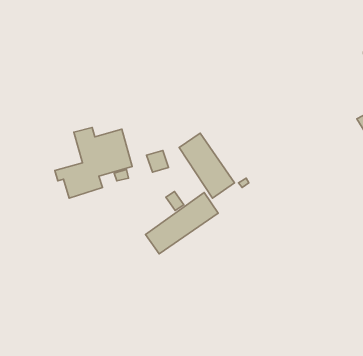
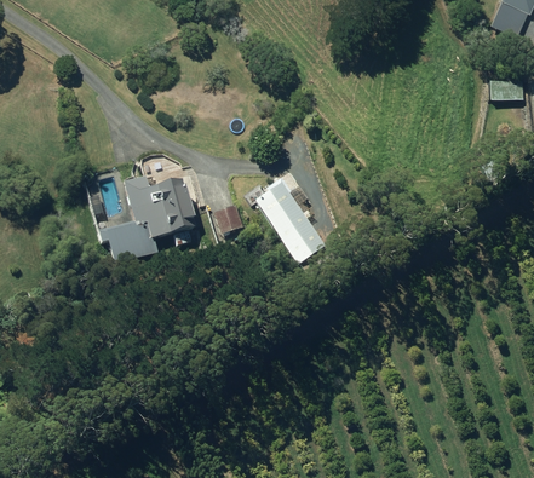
building: [146,193,218,254] -> none

